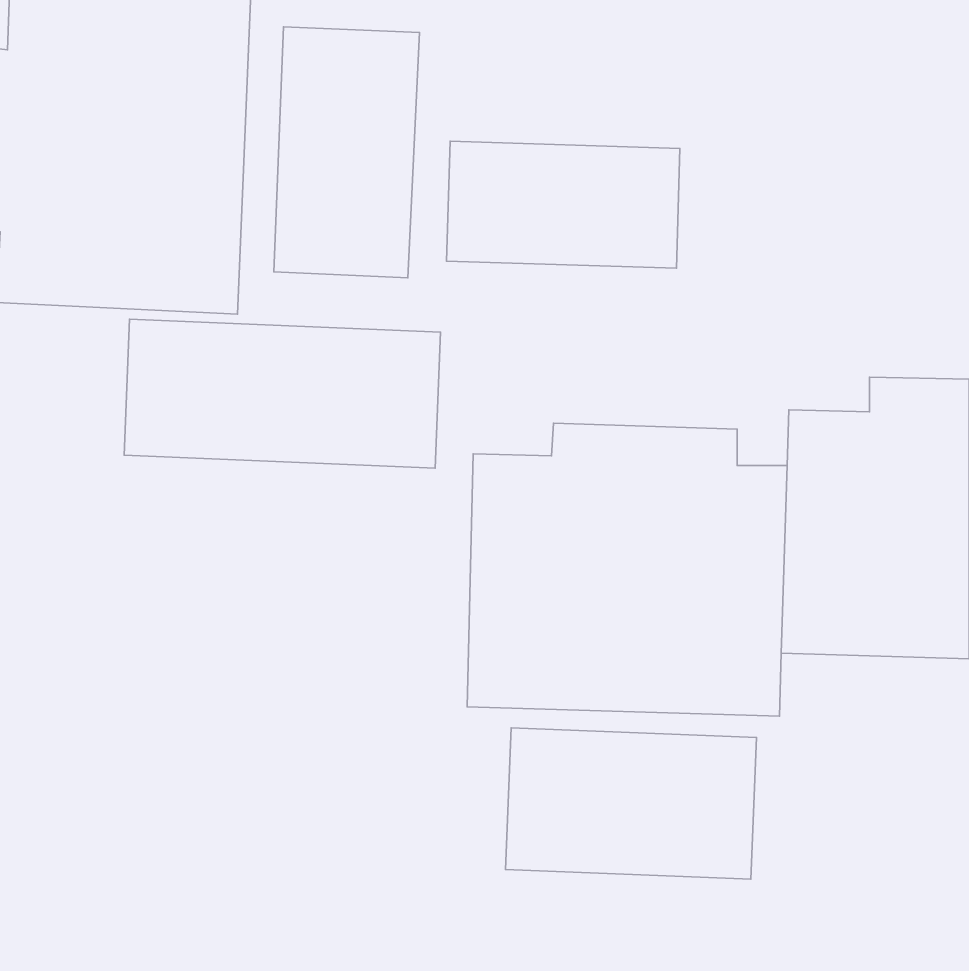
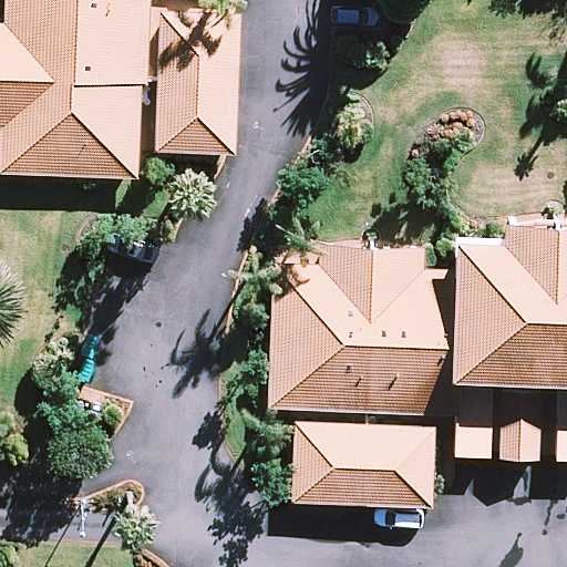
building: [447,141,680,268] -> none
building: [124,319,441,468] -> none

